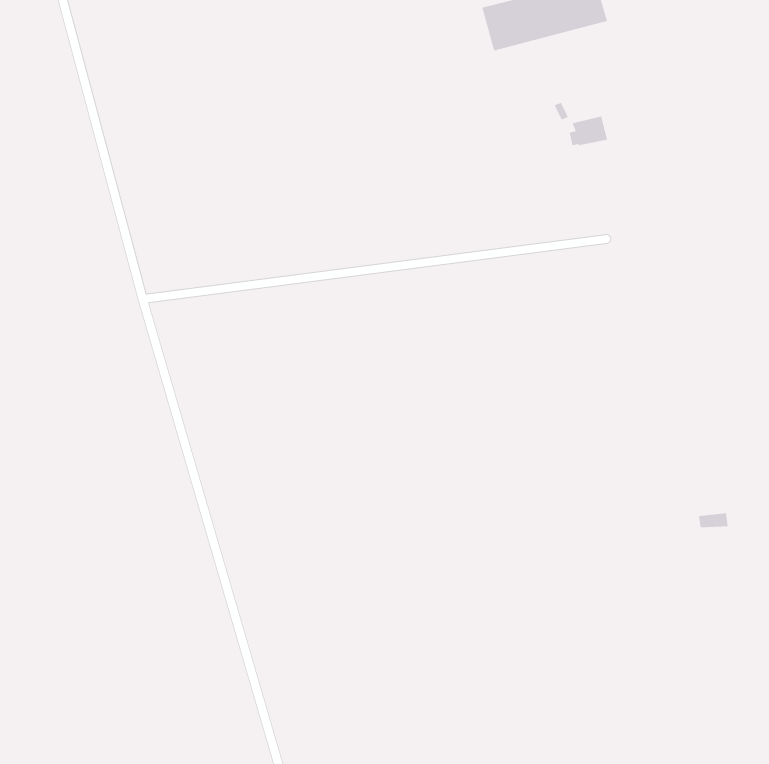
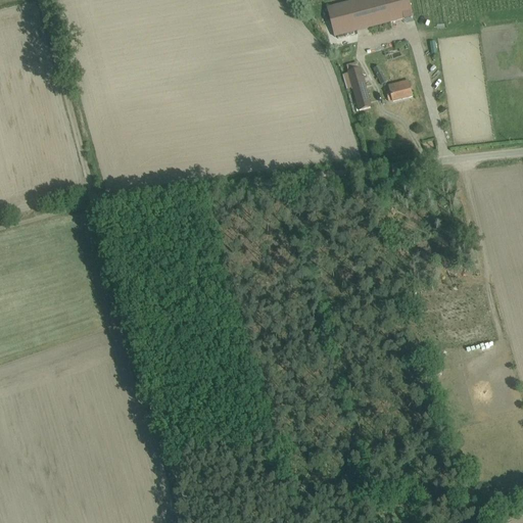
building: none -> [346,59,372,108]

